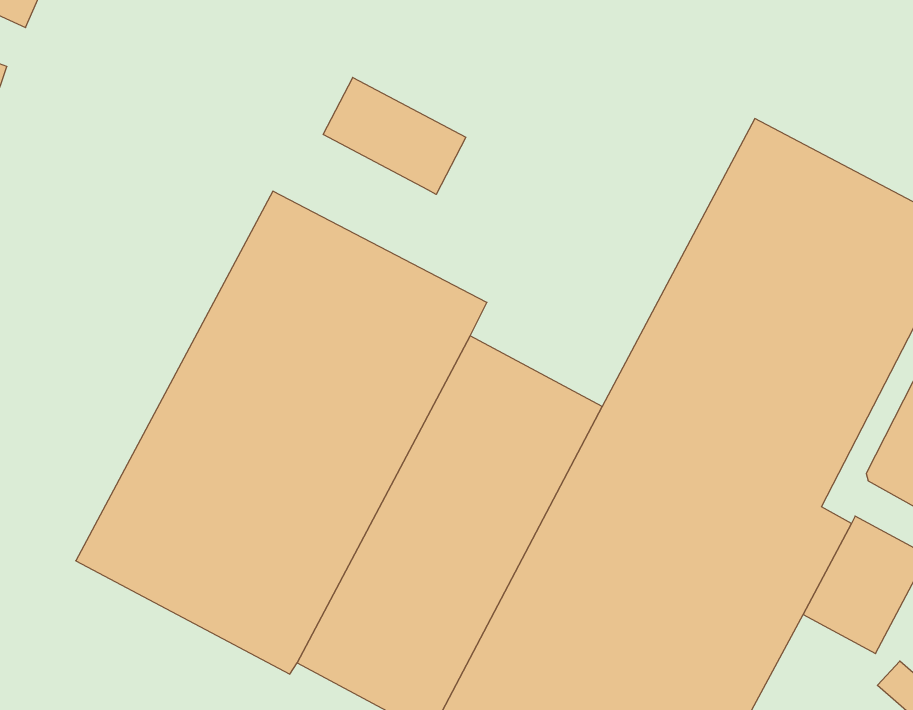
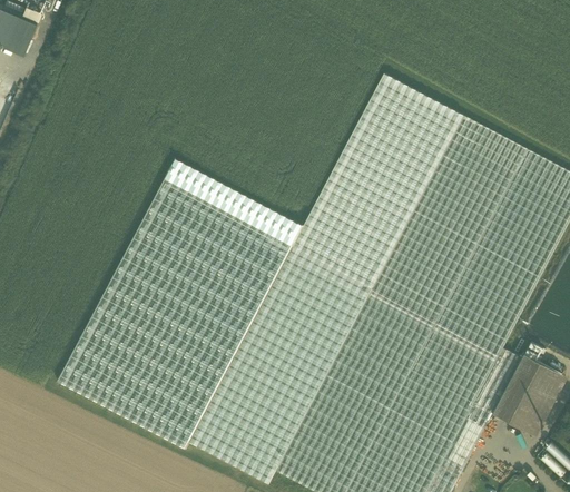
building: none -> [293,73,463,288]
building: [323,77,466,194] -> none

